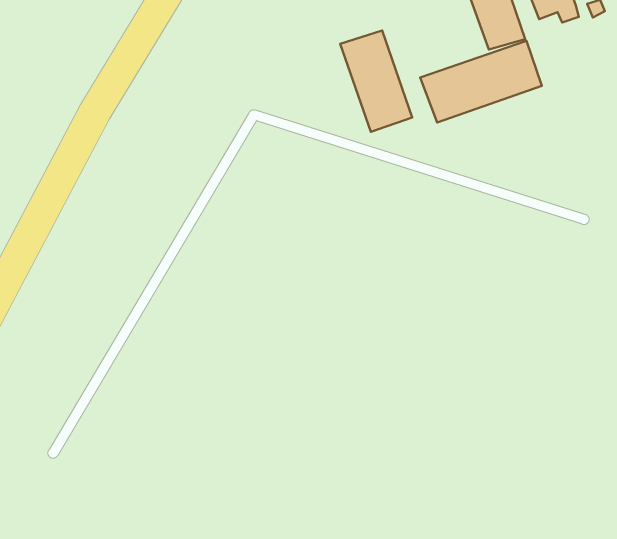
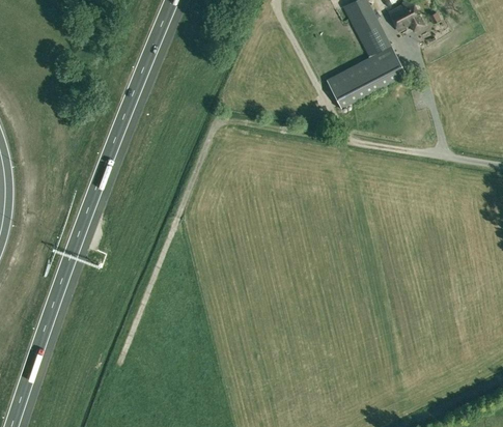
building: [340,30,412,132] -> none

